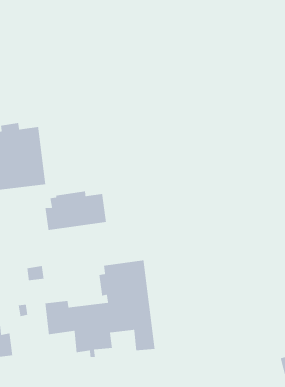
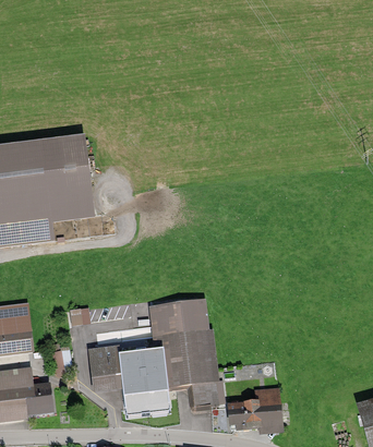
building: [44,191,107,231] -> none
building: none -> [228,388,282,428]

